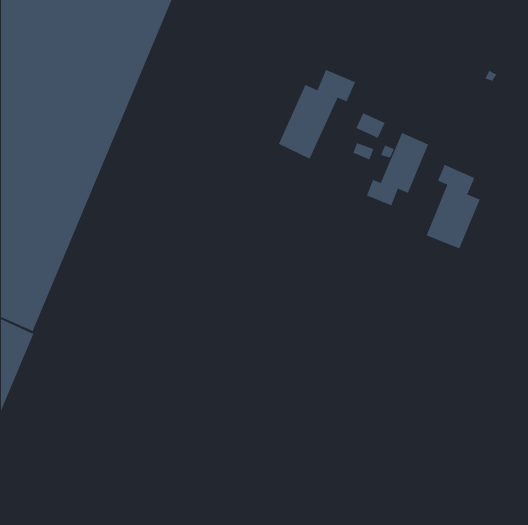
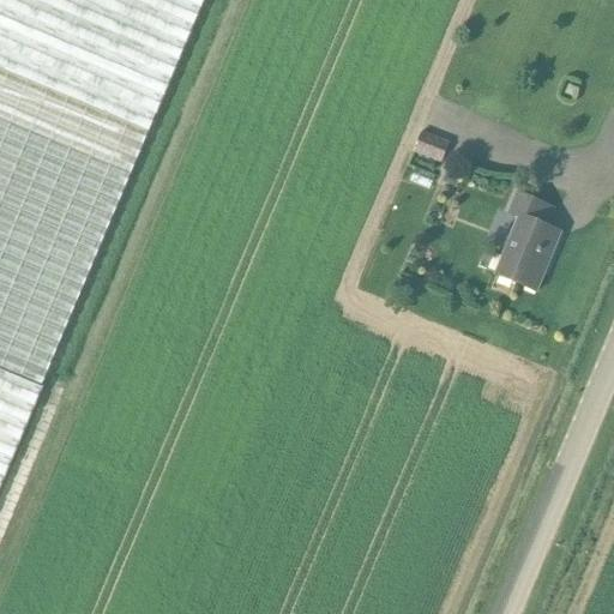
building: [278,69,356,159] -> none
building: [366,132,429,206] -> none

